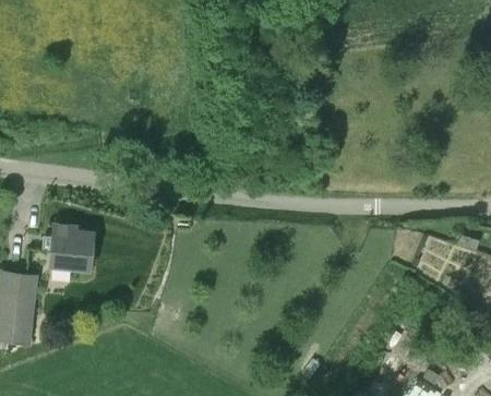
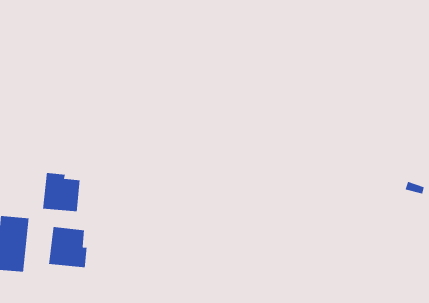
building: none -> [48,226,88,268]

